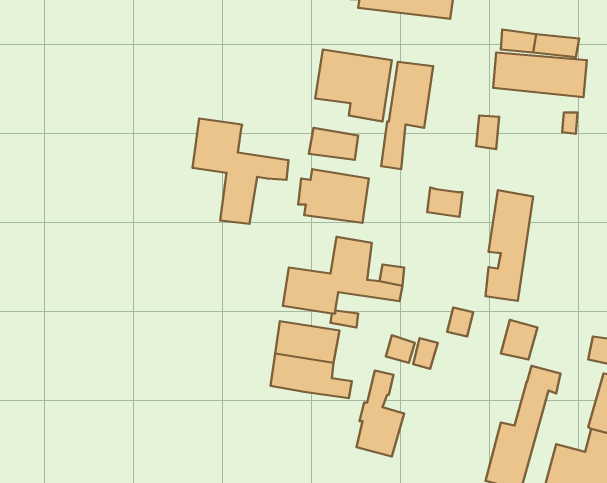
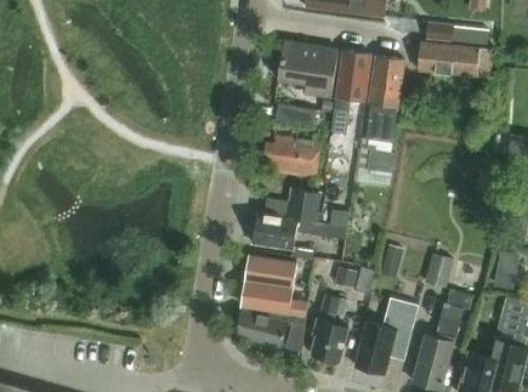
building: [192,118,289,224] -> none
building: [485,190,533,301] -> [367,55,404,142]
building: none -> [354,297,419,374]
building: none -> [238,309,305,351]

